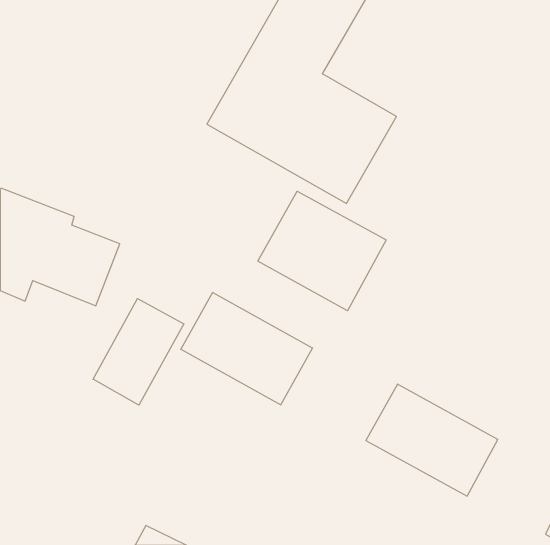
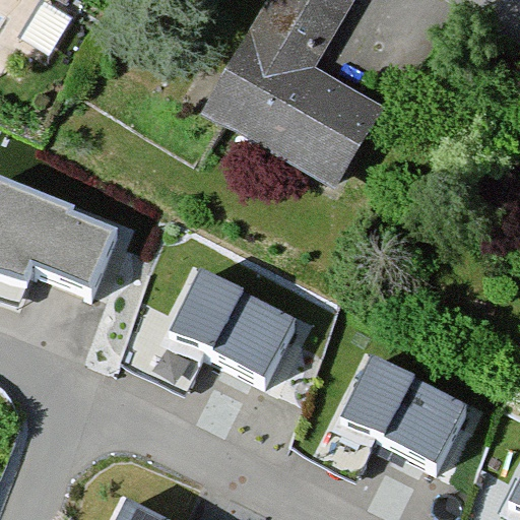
building: [258,191,386,311] -> none
building: [93,299,184,405] -> none

